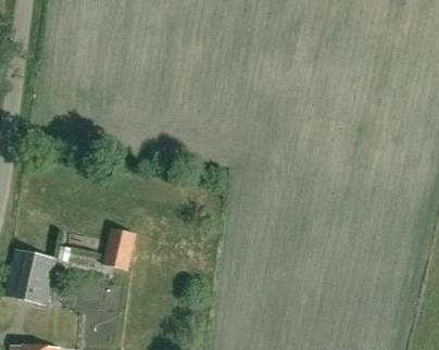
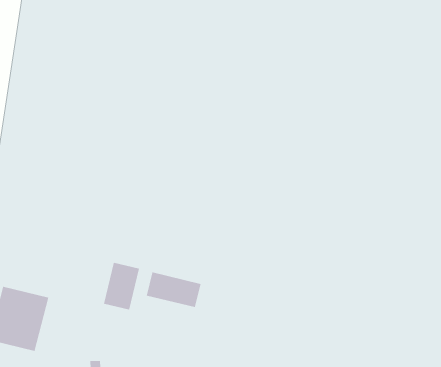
building: none -> [146,272,201,308]

